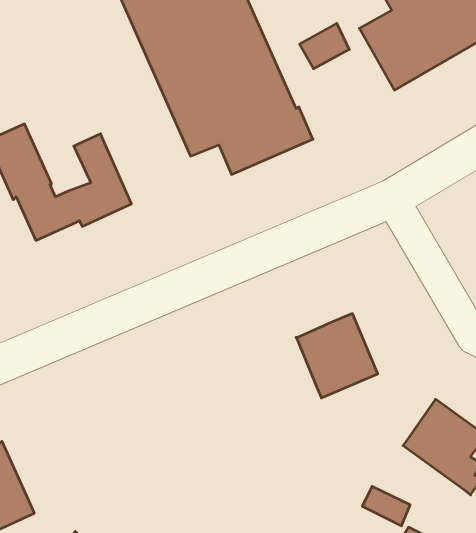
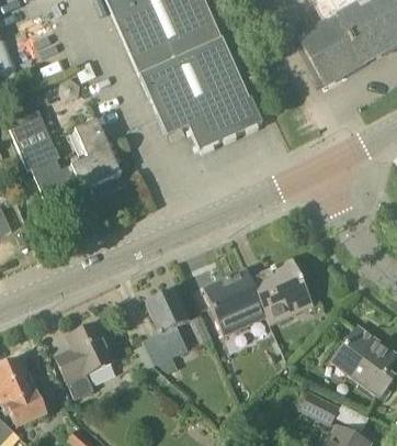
building: [300,23,349,69] -> none
building: none -> [203,269,265,334]
building: none -> [141,288,189,371]
building: none -> [56,323,113,399]

